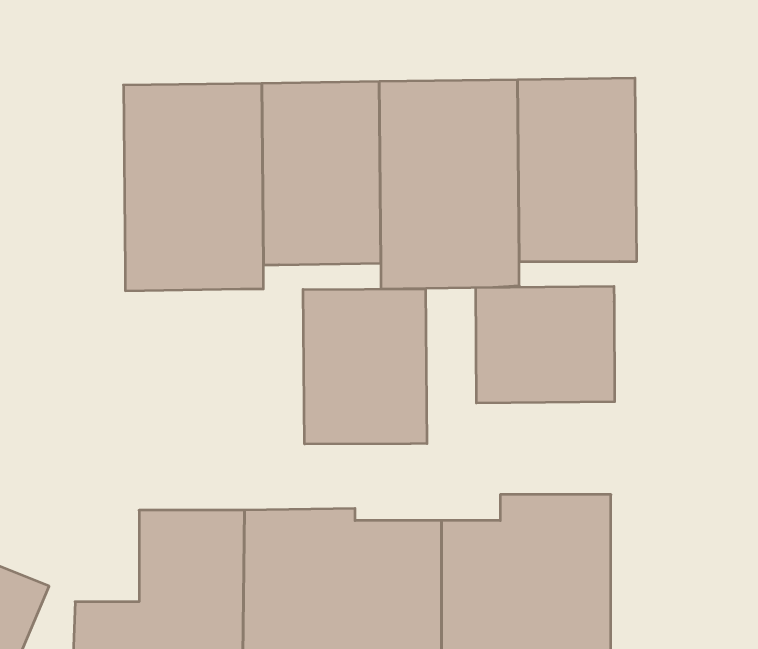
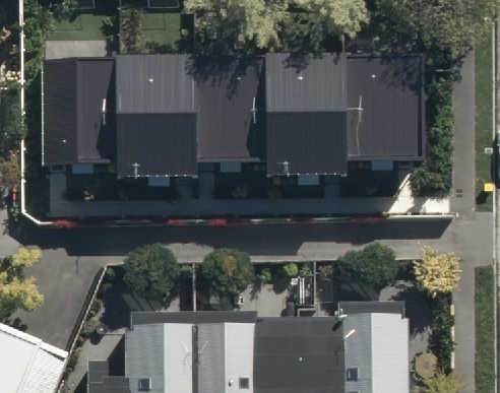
building: none -> [47,57,116,167]
building: [476,286,615,403] -> none
building: [303,289,427,444] -> none

